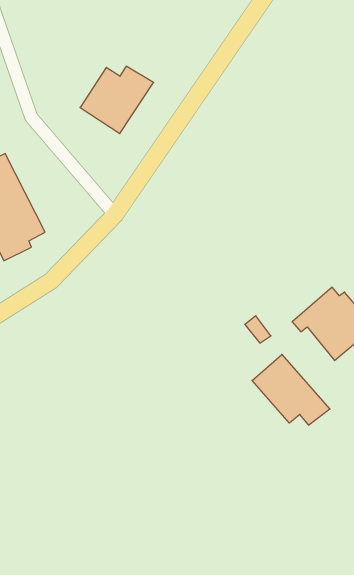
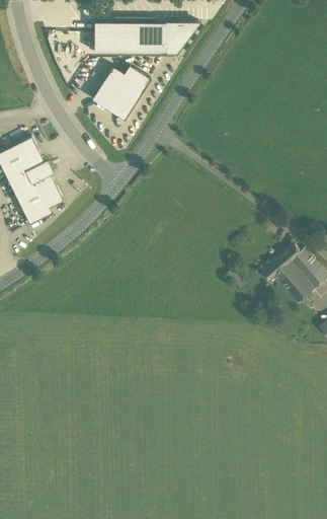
building: none -> [92,17,198,54]
building: [252,354,330,425] -> none

